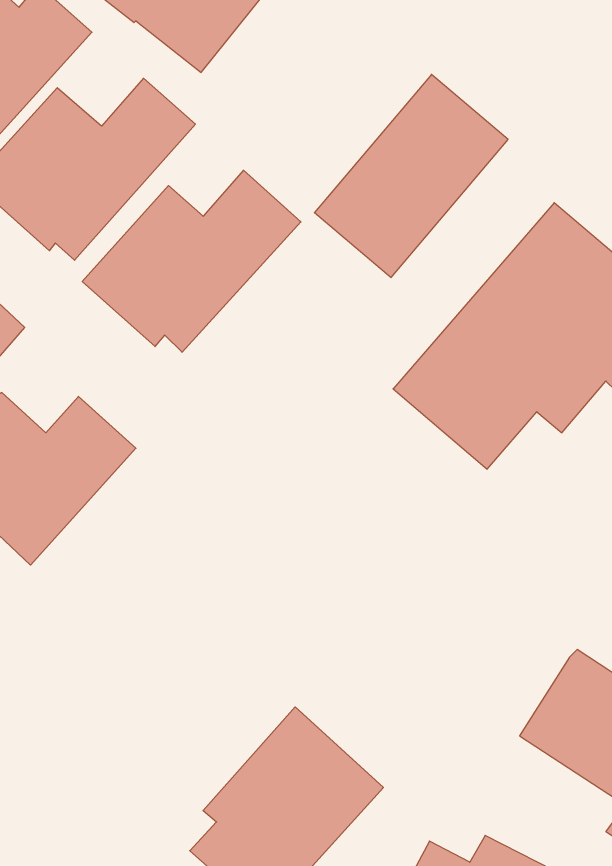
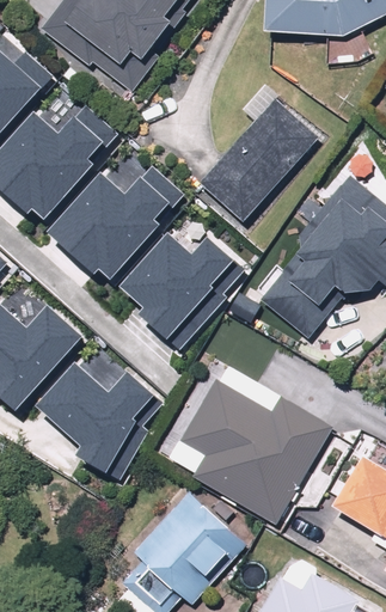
building: none -> [124,209,251,343]
building: none -> [45,356,164,471]
building: none -> [176,380,335,532]

